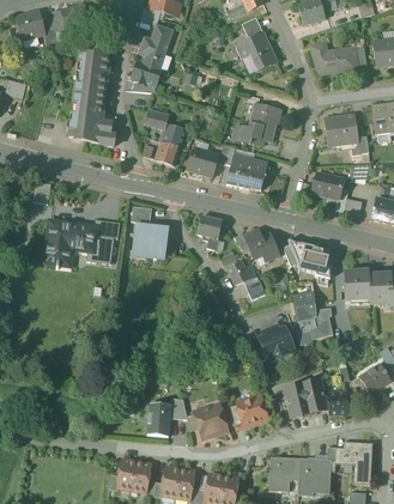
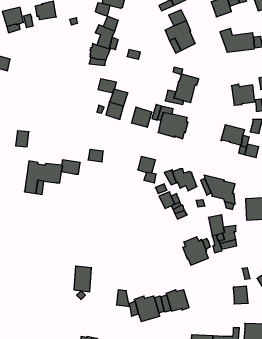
building: [68,48,114,145] -> none
building: [132,224,166,256] -> none
building: [86,235,114,263] -> none
building: [284,378,326,417] -> none
building: [146,400,170,435] -> [74,266,92,292]

